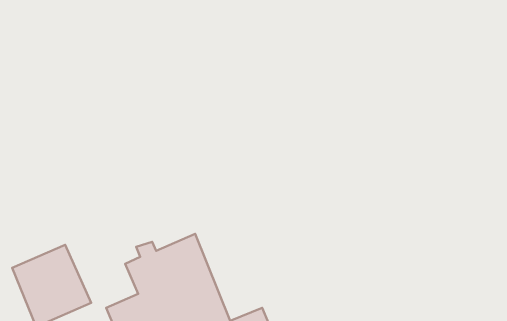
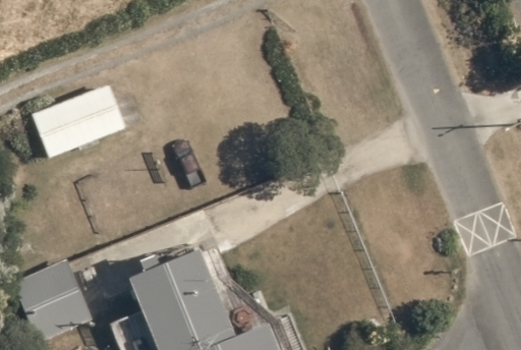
building: none -> [31,84,125,159]

